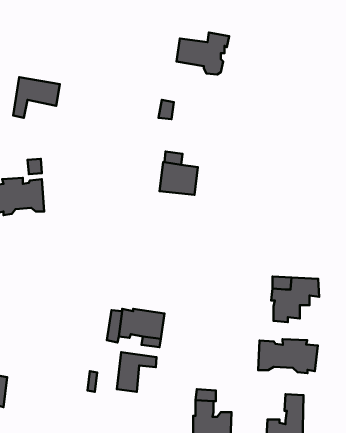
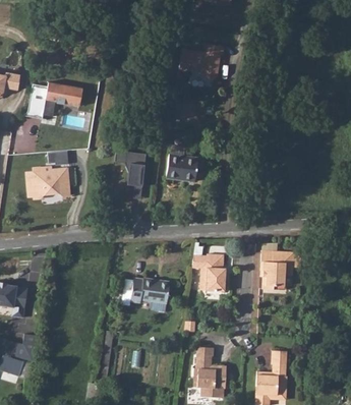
building: none -> [115,150,145,197]
building: none -> [191,253,224,290]
building: [258,339,318,373] -> none
building: [117,352,157,392] -> none

